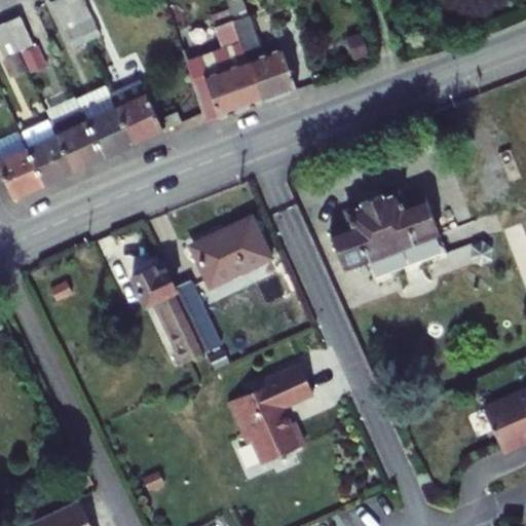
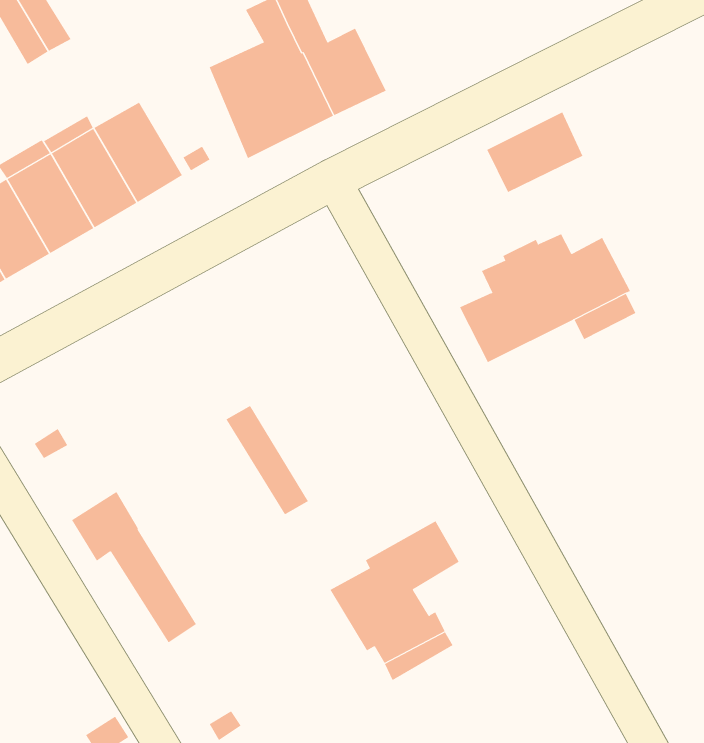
building: none -> [486,112,583,193]
building: [193,219,269,286] -> none
building: [133,263,205,363] -> [71,491,197,643]

